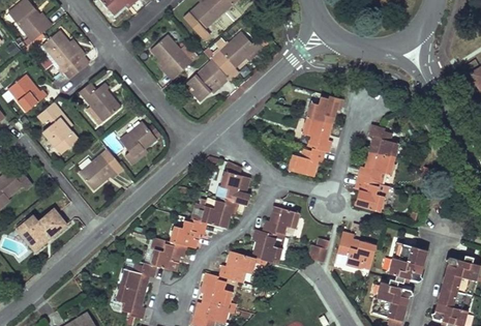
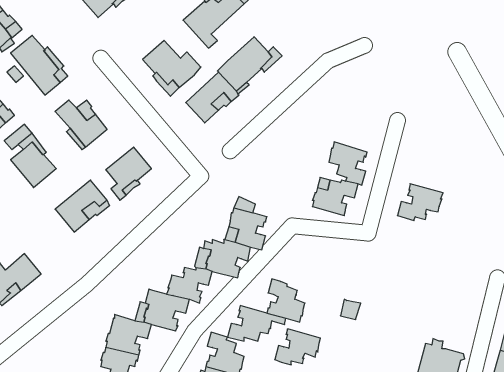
building: [305,95,342,125] -> none
building: [367,124,398,158] -> none
building: [353,177,389,212] -> none
building: [262,206,299,235] -> [275,329,320,365]
building: [338,232,375,270] -> none
building: [388,241,426,281] -> none

